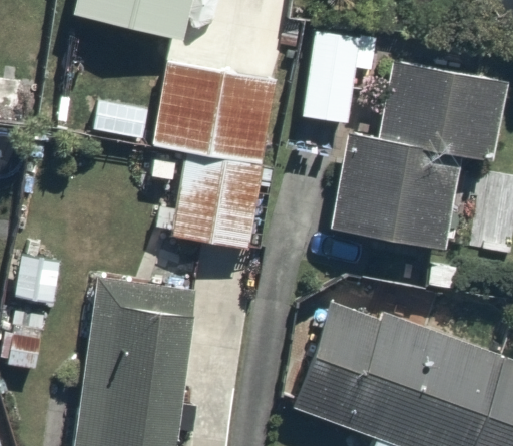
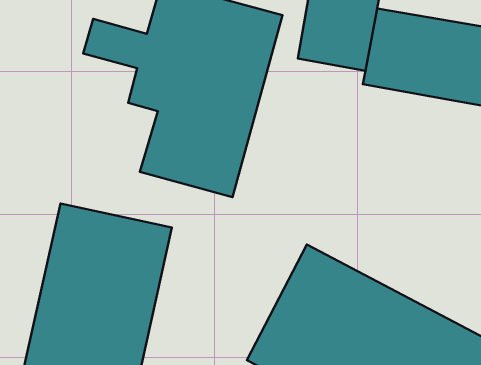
building: [339,132,461,241] -> none

